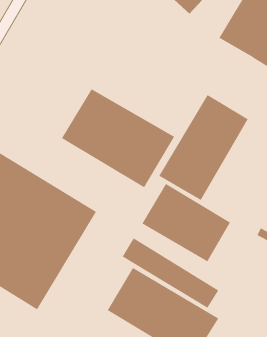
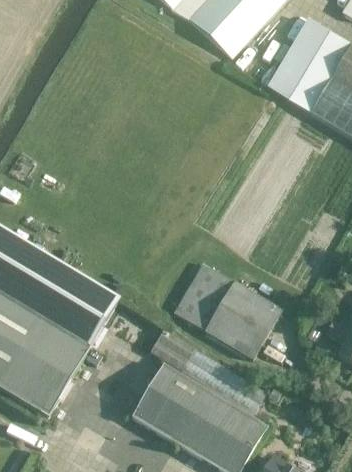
building: [61,88,175,188] -> none
building: [159,94,248,201] -> none

